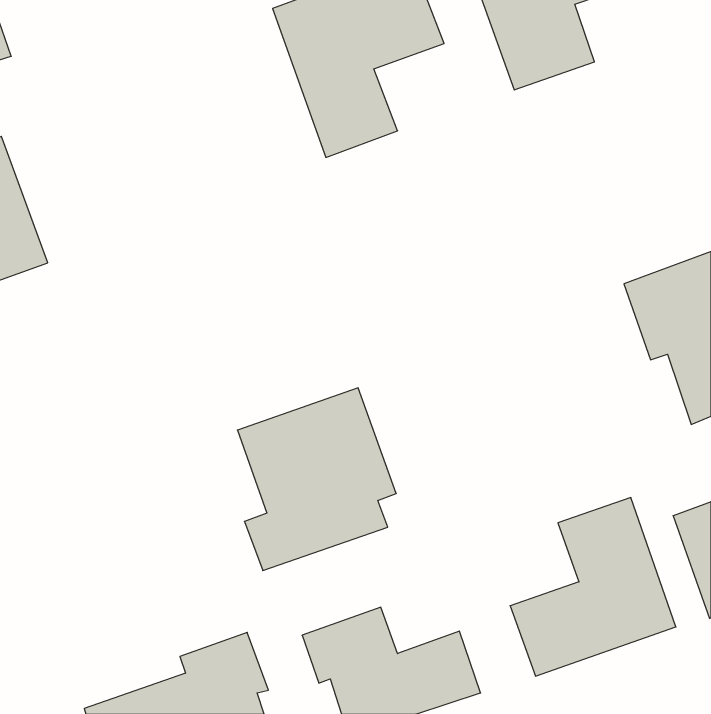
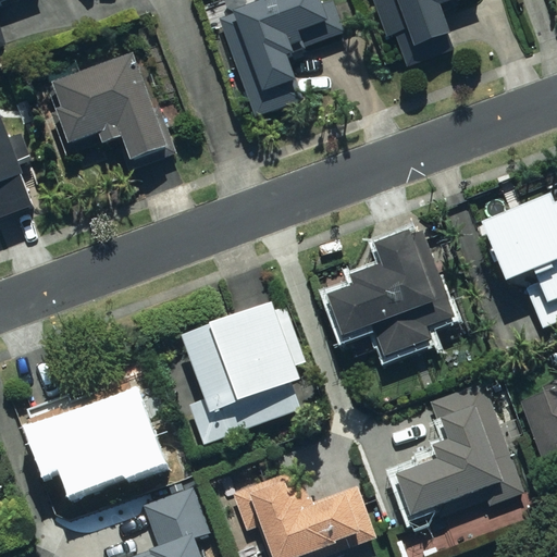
building: none -> [42,52,169,160]
building: none -> [327,228,437,357]
building: none -> [27,376,157,493]

